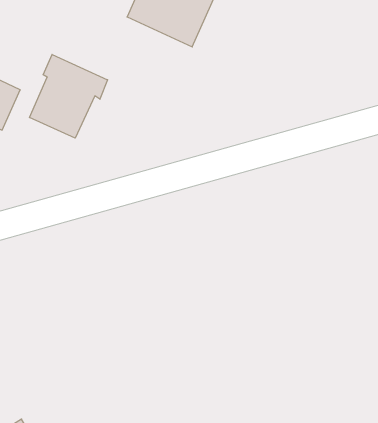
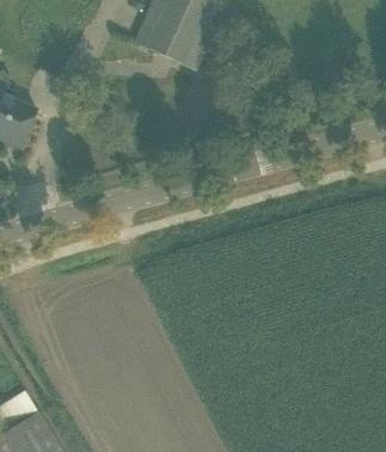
building: [30,54,108,138] -> none

